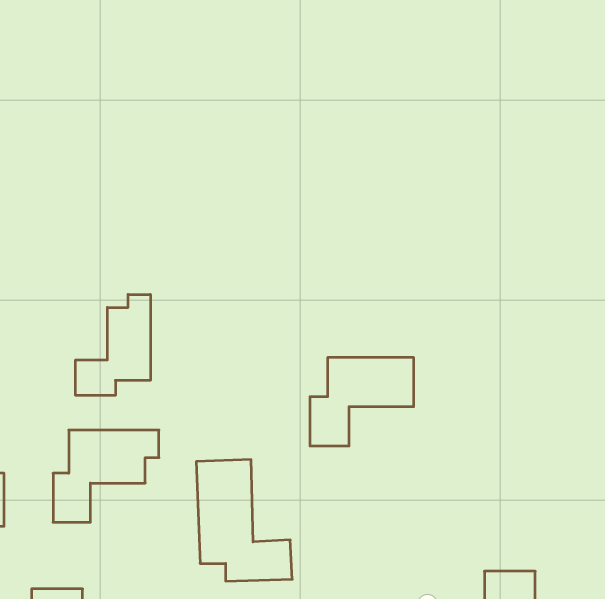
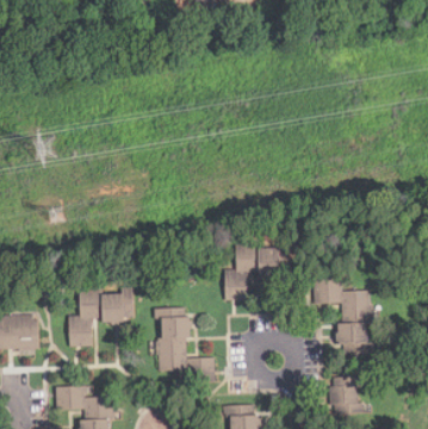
building: [76,294,150,395] -> none
building: none -> [314,280,370,354]

